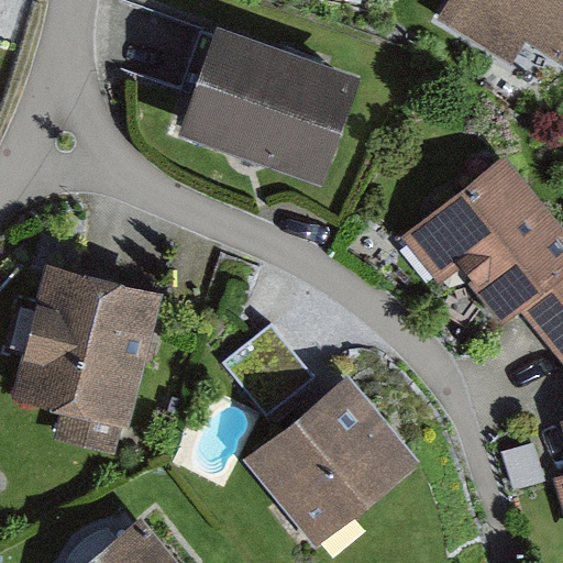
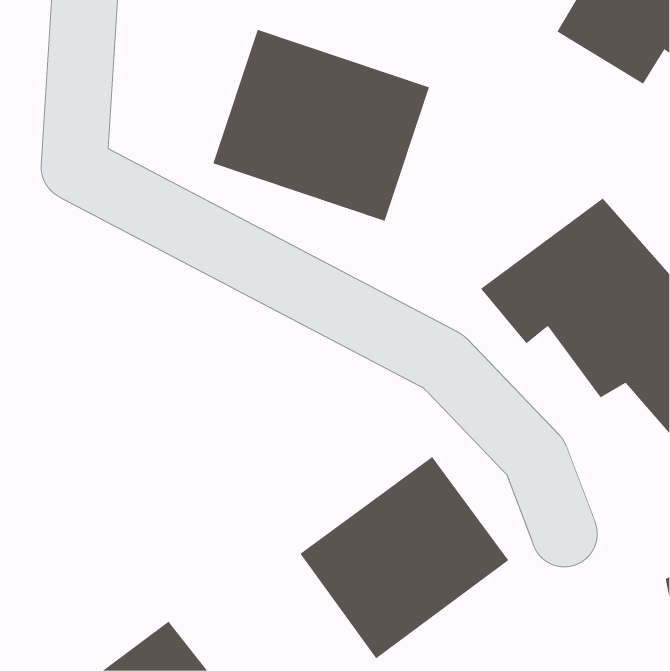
building: [8,264,159,434] -> none
building: [224,321,314,411] -> none

